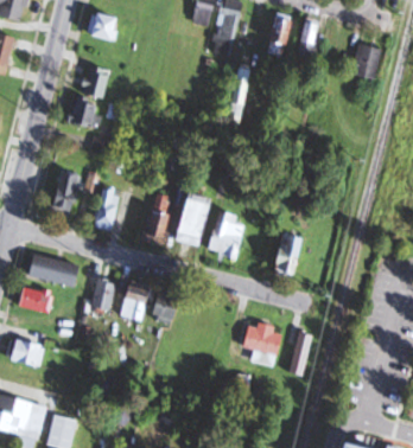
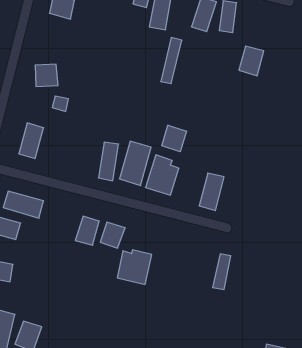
building: [350,43,381,79] -> [239,46,264,76]
building: [82,65,109,98] -> none
building: none -> [162,125,186,152]
building: [97,187,116,228] -> none
building: [91,277,114,311] -> none
building: [239,324,281,366] -> [117,250,152,284]

